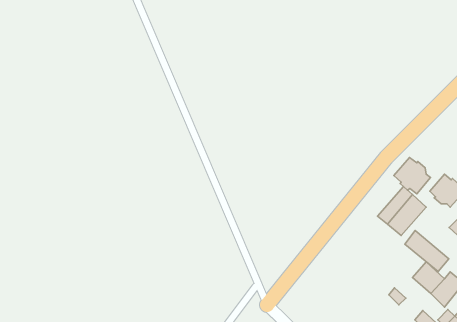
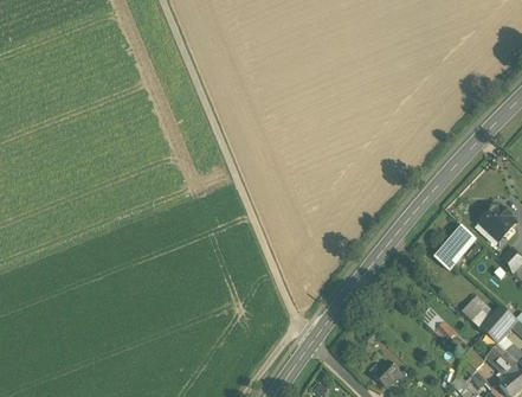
building: [394,157,430,194] -> none
building: [405,230,449,271] -> none

